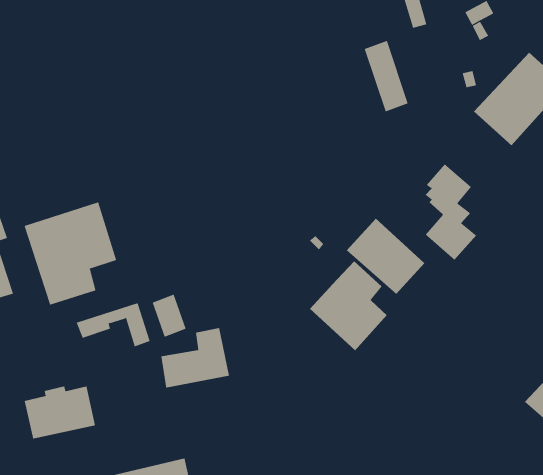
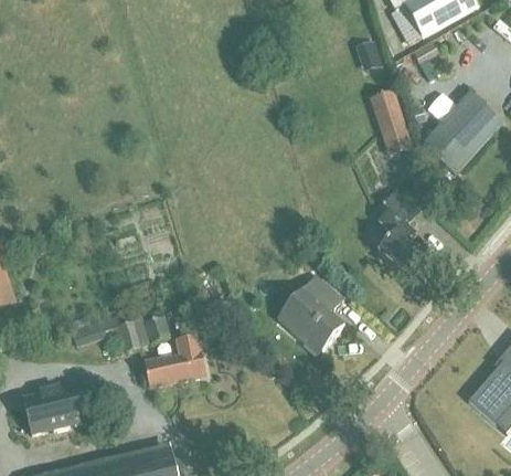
building: [364,40,409,112] -> [370,88,409,152]
building: [24,202,117,306] -> none
building: [346,218,425,295] -> none

